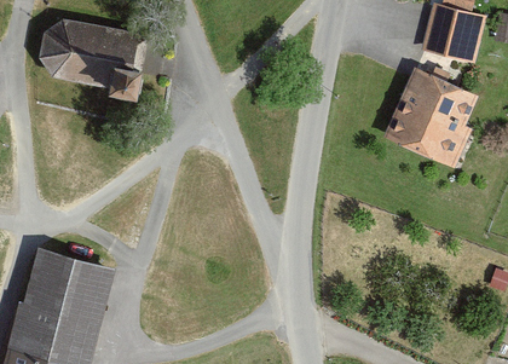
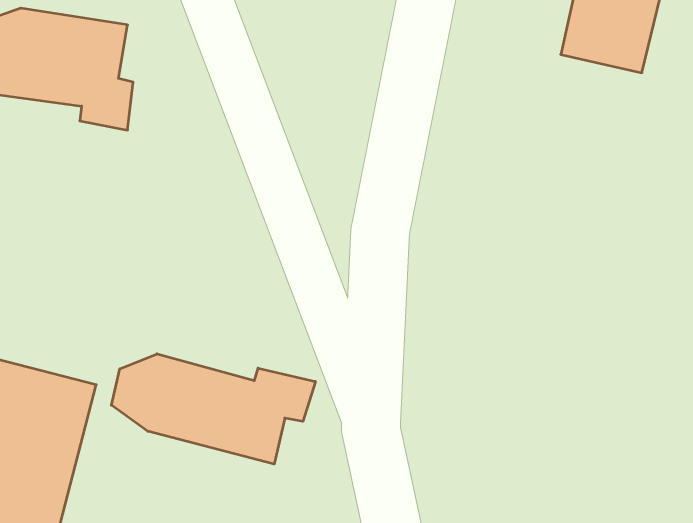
building: [382,65,483,166] -> none
building: none -> [111,354,315,464]

